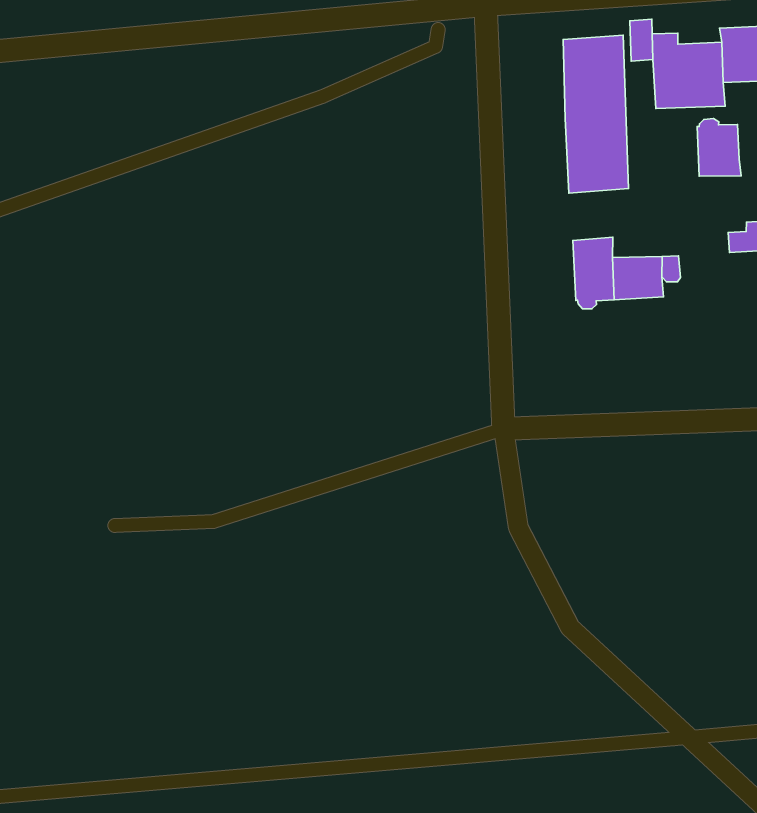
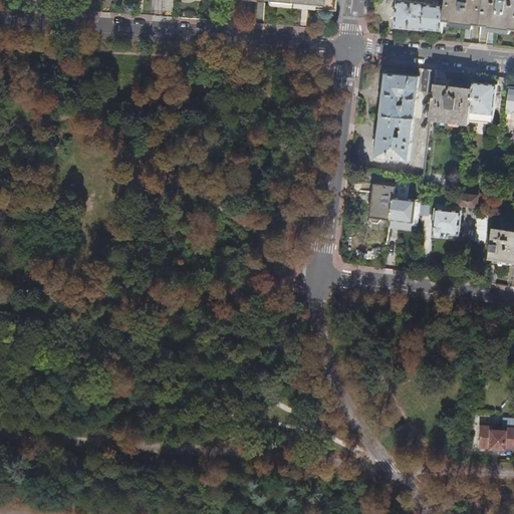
building: [697,118,741,176] -> none
building: none -> [432,208,461,237]

